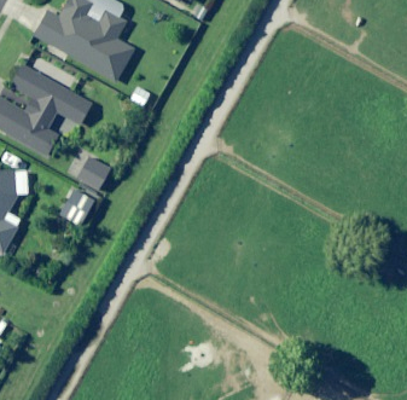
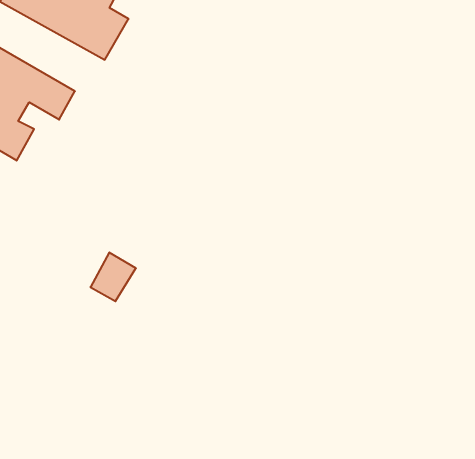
building: [77,155,112,187] -> none
building: [62,186,97,224] -> [90,252,136,301]

